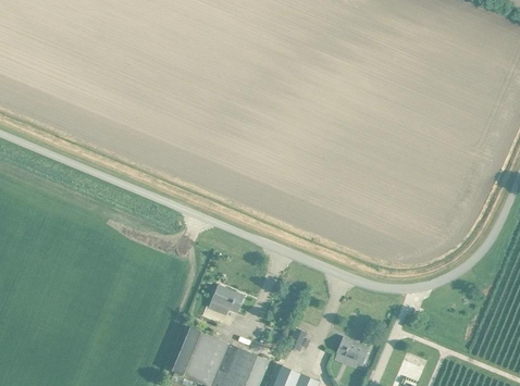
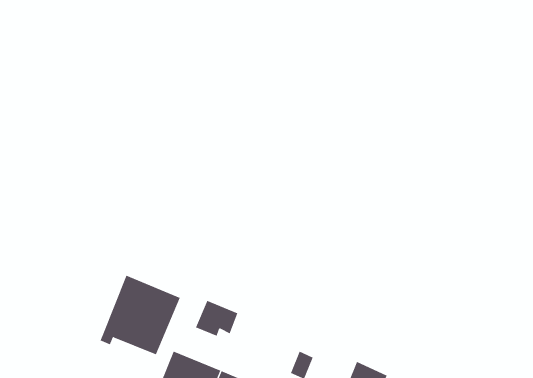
building: none -> [100,275,181,355]

